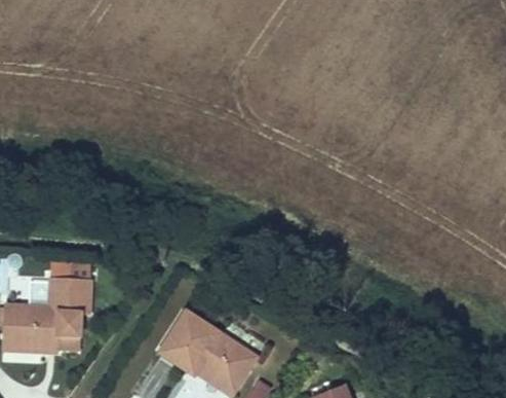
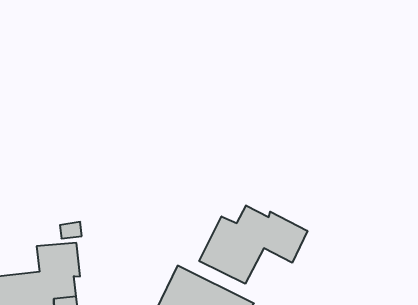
building: none -> [199,205,307,284]

